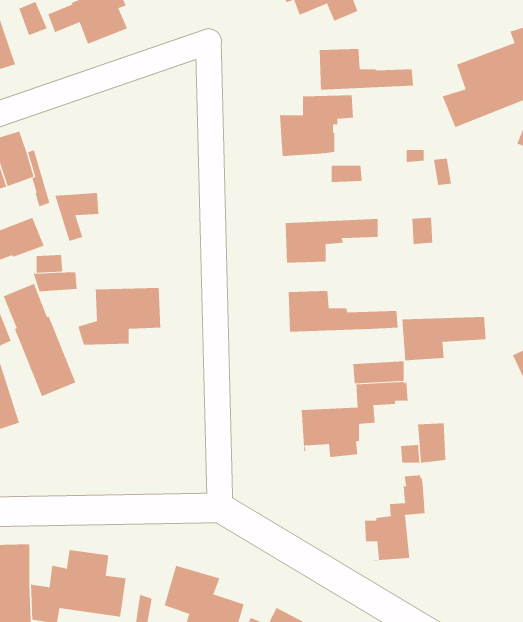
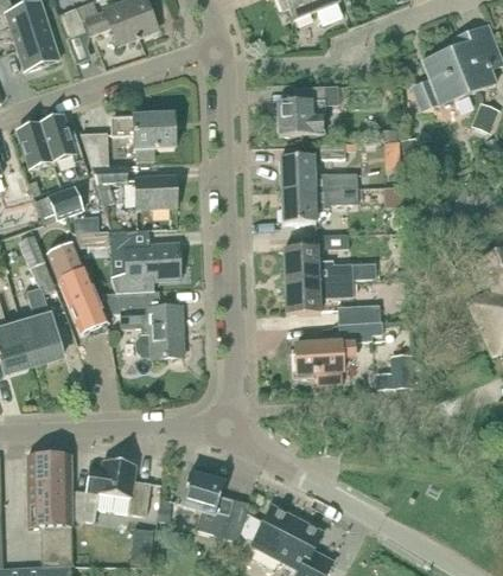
building: [319,49,414,90] -> [280,155,358,190]
building: none -> [112,113,174,160]
building: none -> [81,133,108,167]
building: none -> [135,174,177,207]
building: [401,316,486,361] -> [285,277,355,314]
building: none -> [97,289,184,357]
building: [365,475,425,561] -> none

